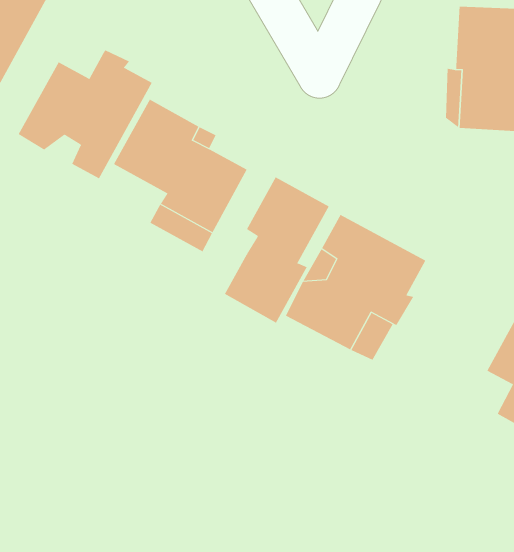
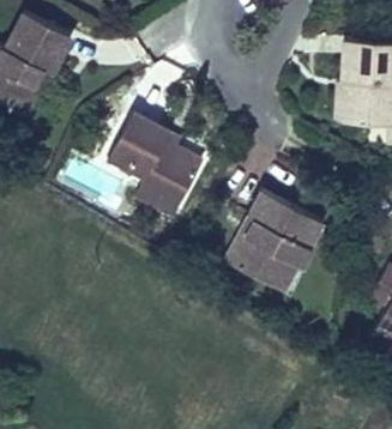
building: [18,49,153,179] -> none
building: [224,176,329,323] -> none

